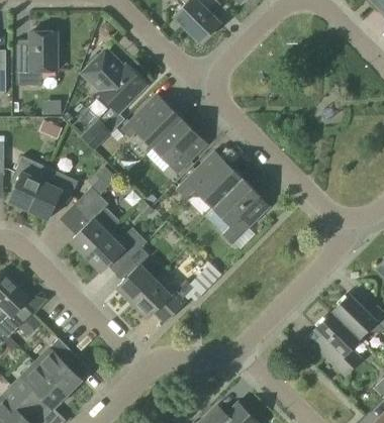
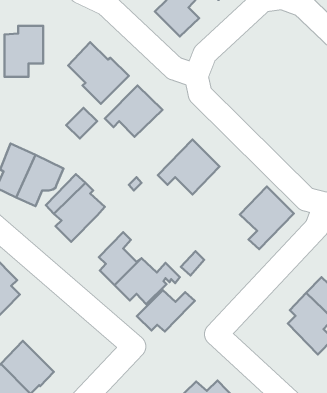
building: [153,120,207,175] -> none
building: [213,180,270,245] -> [240,187,294,249]
building: [86,231,147,275] -> [137,290,195,332]
building: [35,339,91,395] -> none

